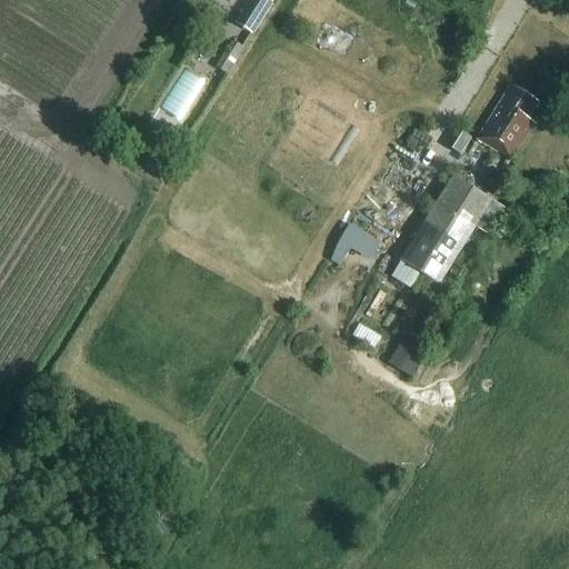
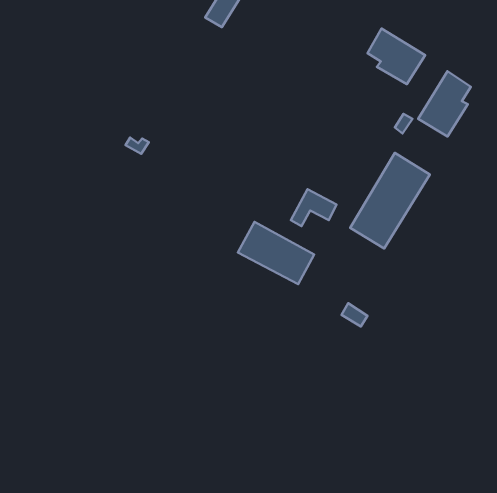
building: none -> [368,28,425,84]
building: none -> [238,222,314,284]

